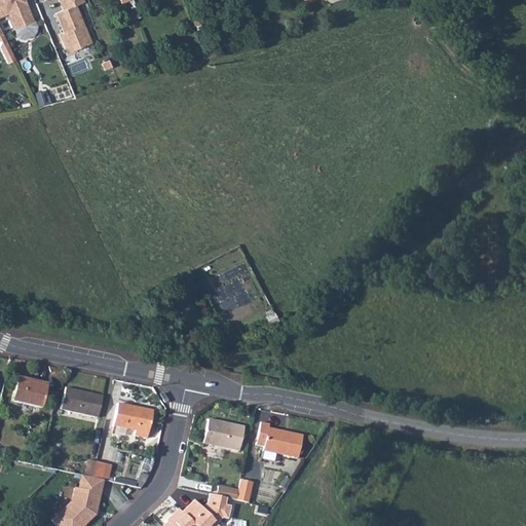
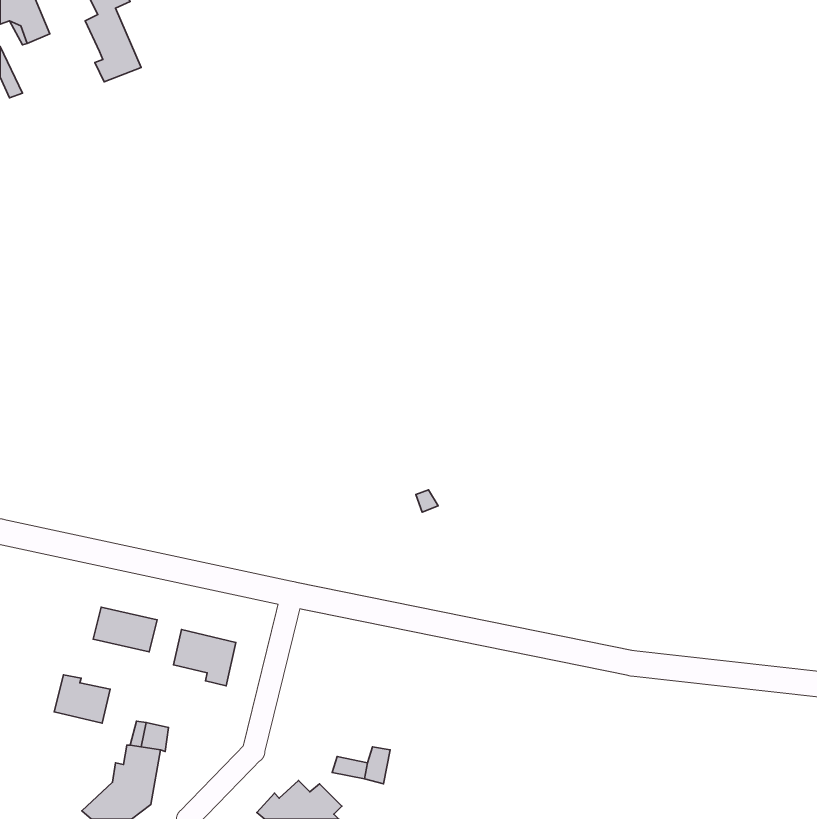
building: [12,377,48,408] -> [54,675,110,723]
building: [202,418,243,450] -> none
building: [255,421,302,459] -> none

